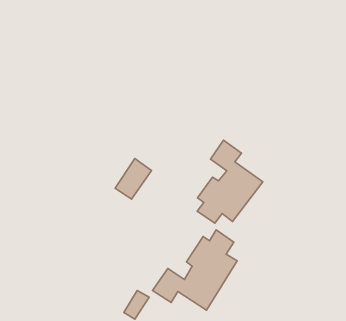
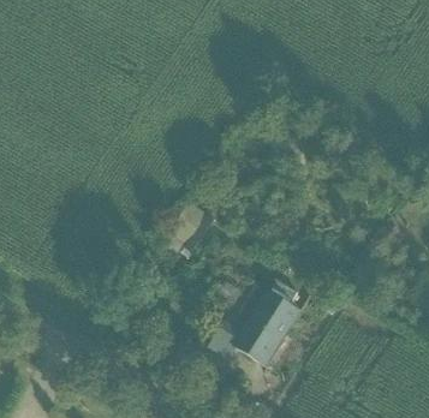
building: [197,140,263,223] -> none

